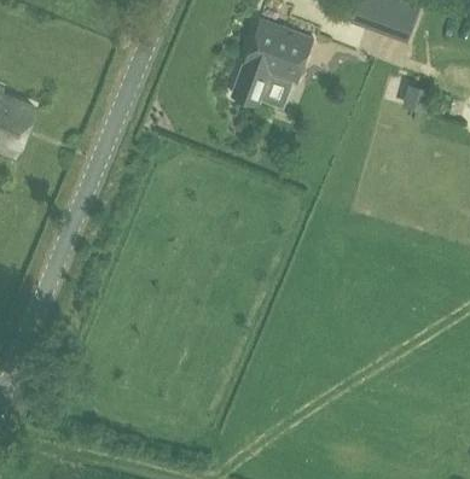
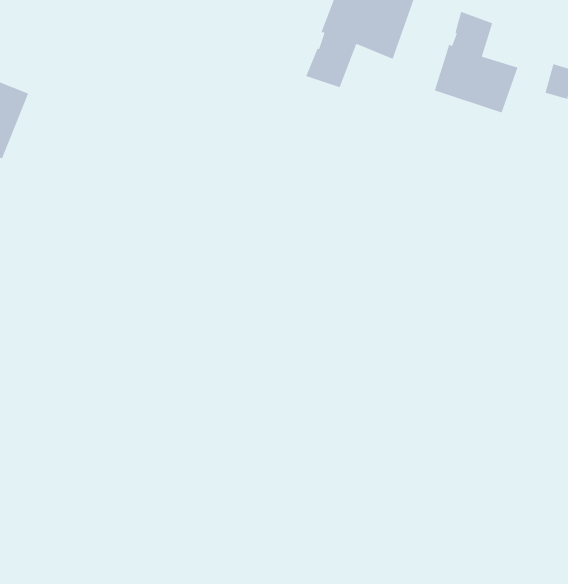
building: none -> [434,11,519,114]

